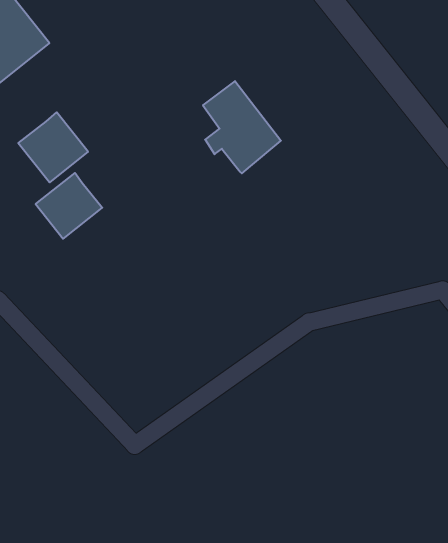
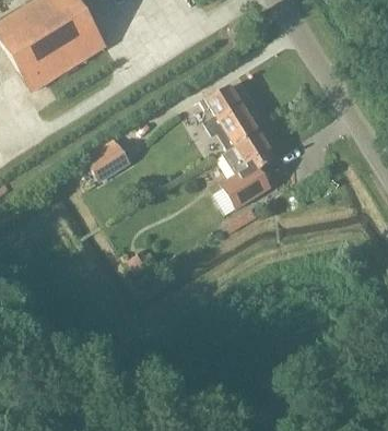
building: [18,112,88,182] -> none
building: none -> [222,129,277,206]

